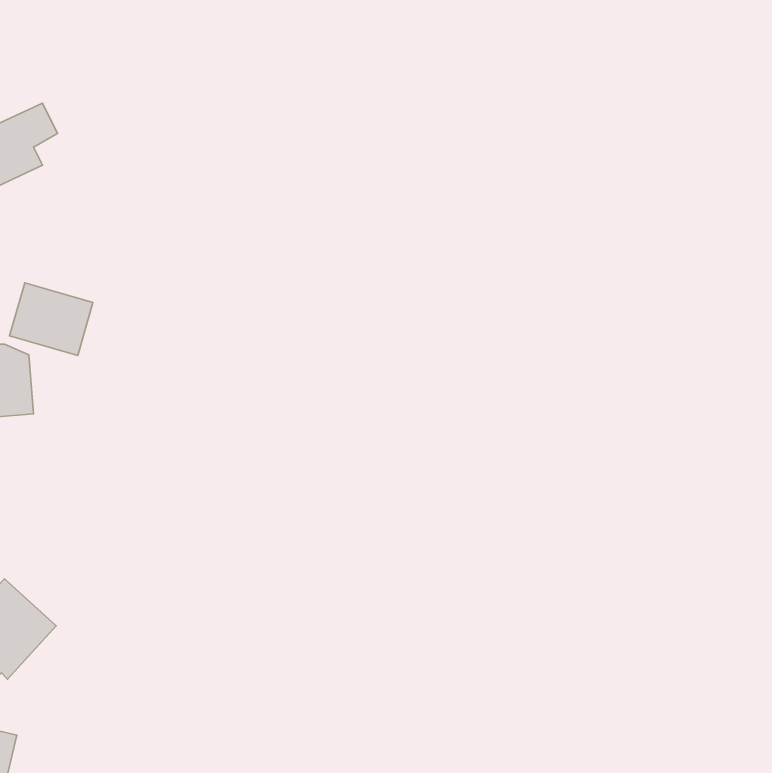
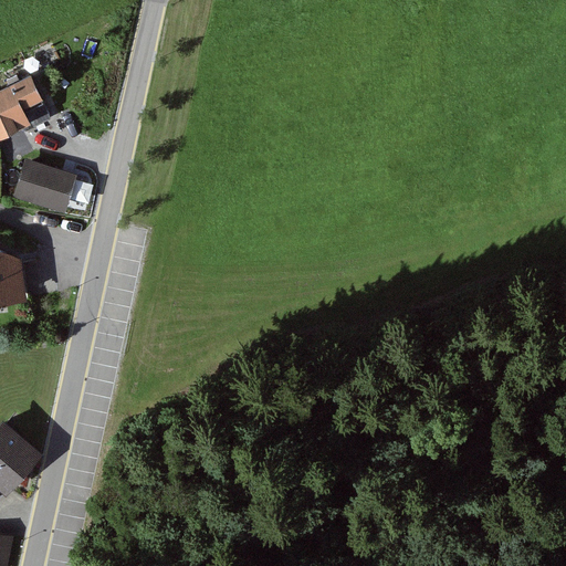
building: [10,283,93,356] -> [14,160,75,213]

